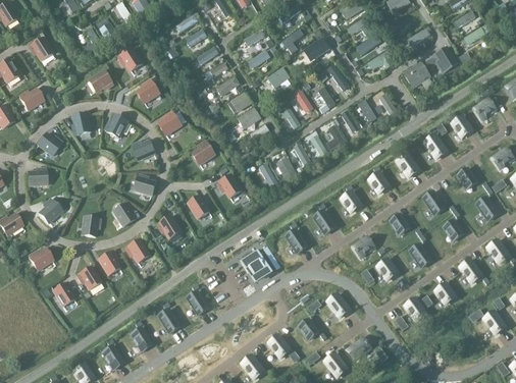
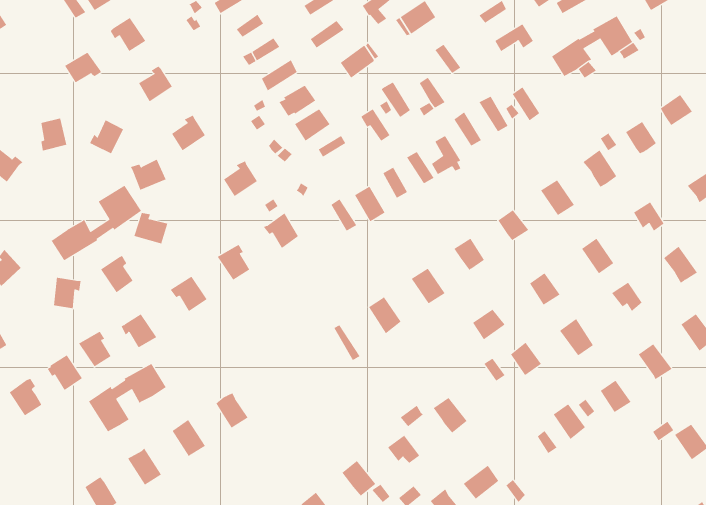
building: none -> [51,185,142,261]
building: [240,249,271,279] -> none
building: none -> [88,363,166,432]

